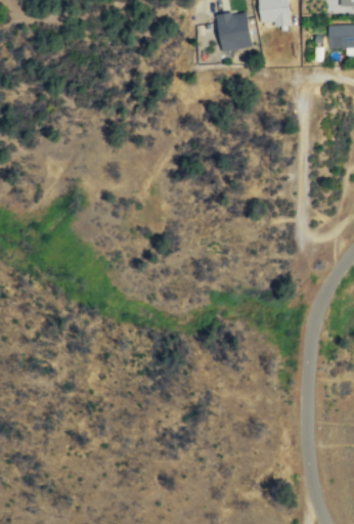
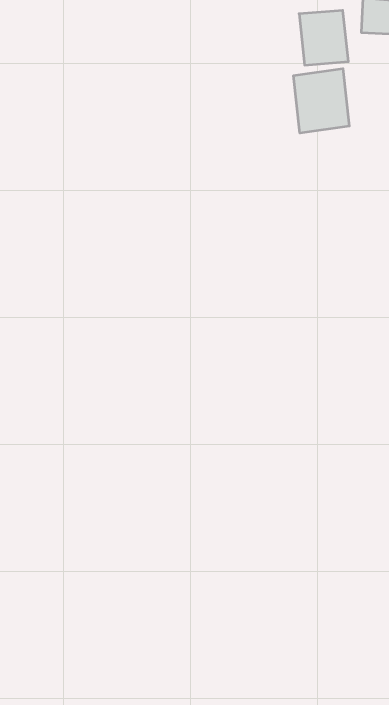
building: none -> [294,69,349,133]

